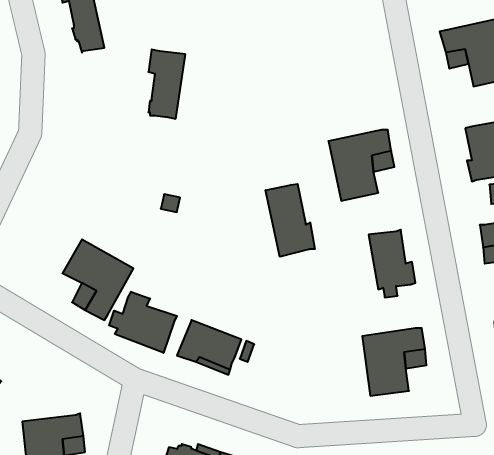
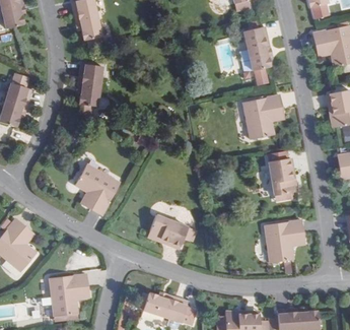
building: none -> [243,25,270,70]
building: [148,49,185,119] -> [79,62,102,106]
building: [266,184,315,257] -> none
building: [109,292,177,353] -> none

